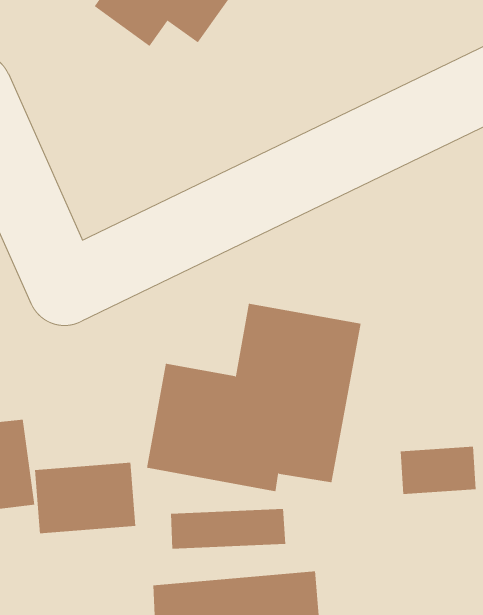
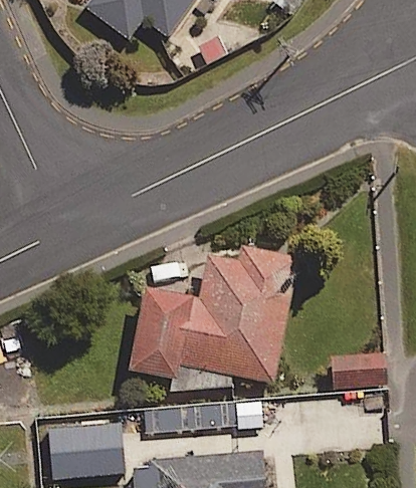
building: [34,462,136,534] -> [46,423,127,479]

